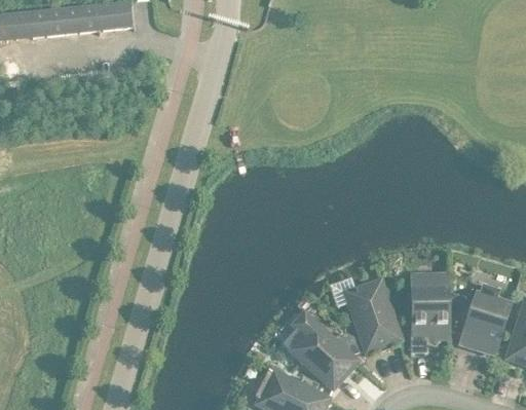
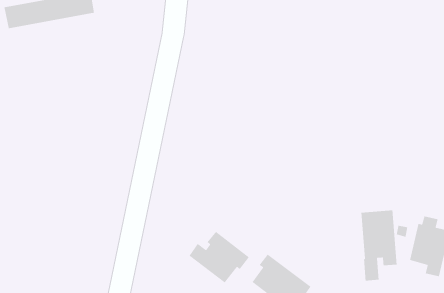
building: [351,279,401,351] -> none
building: none -> [188,231,250,284]

